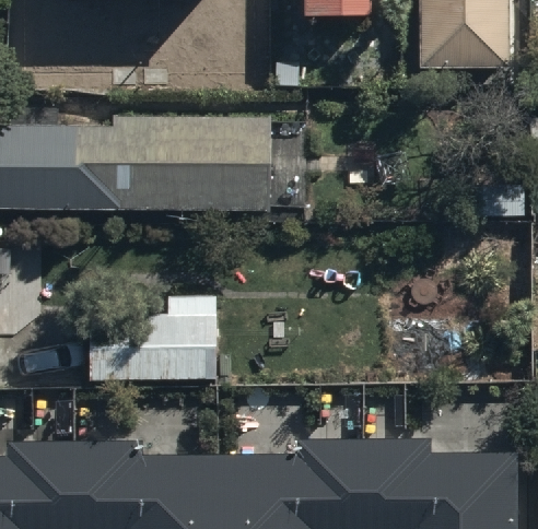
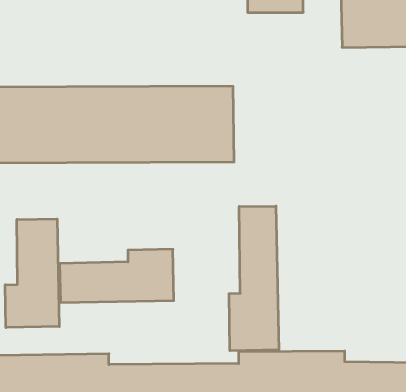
building: none -> [229,206,279,351]
building: none -> [5,219,59,328]

